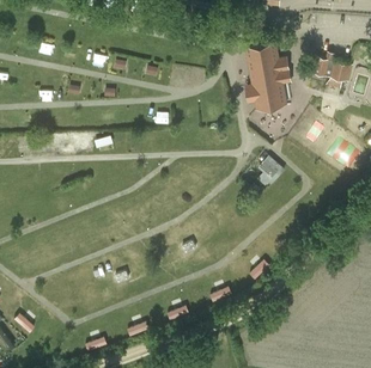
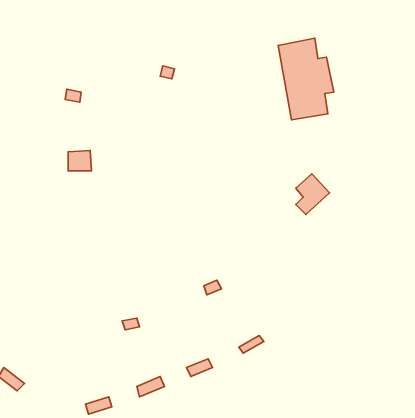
building: [309,56,349,86] -> none

